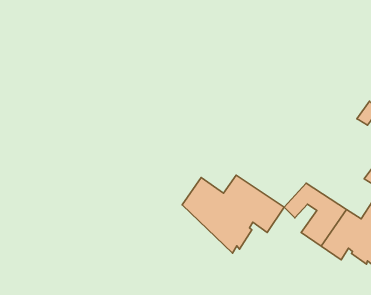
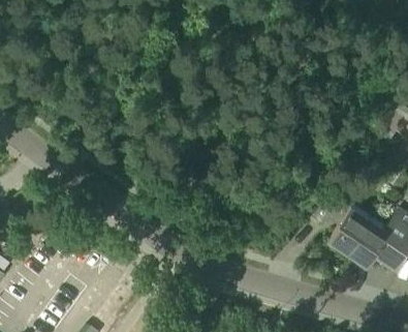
building: [182,175,284,253] -> none

